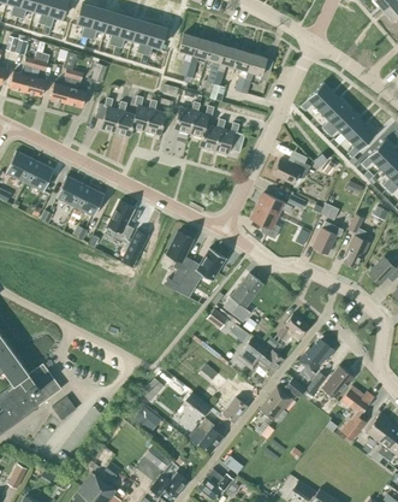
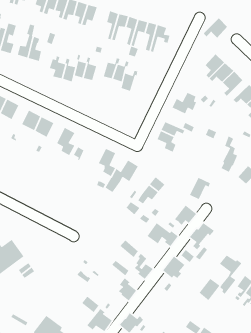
building: [299,82,335,112] -> [203,17,228,38]
building: [213,123,243,154] -> none
building: [311,220,343,254] -> [189,177,211,200]
building: [321,366,352,400] -> [199,278,220,301]

